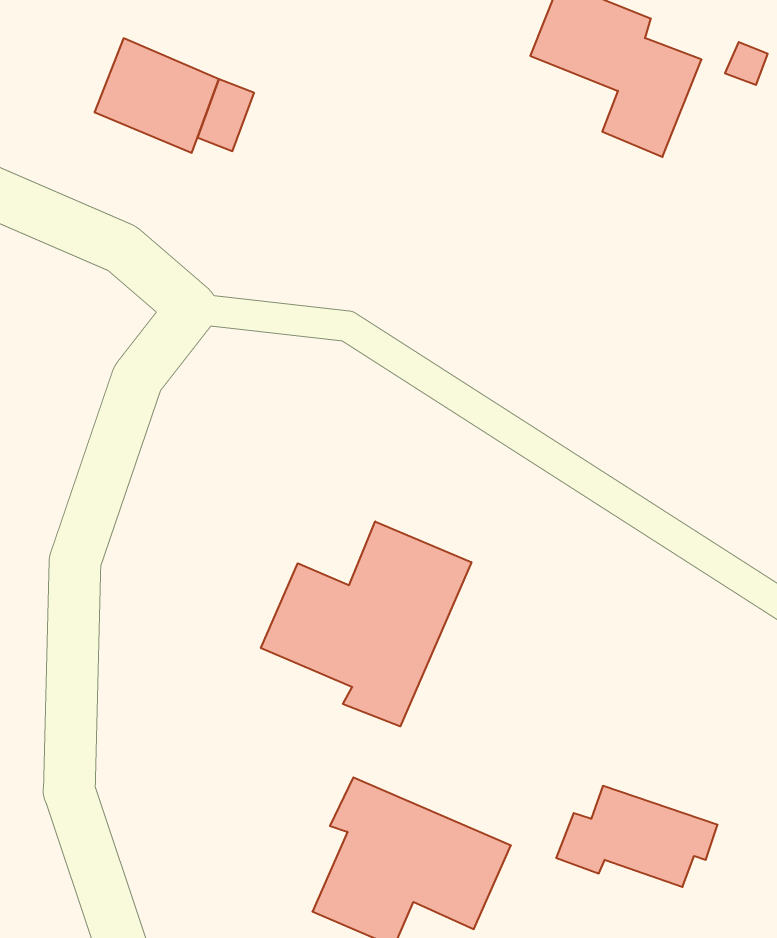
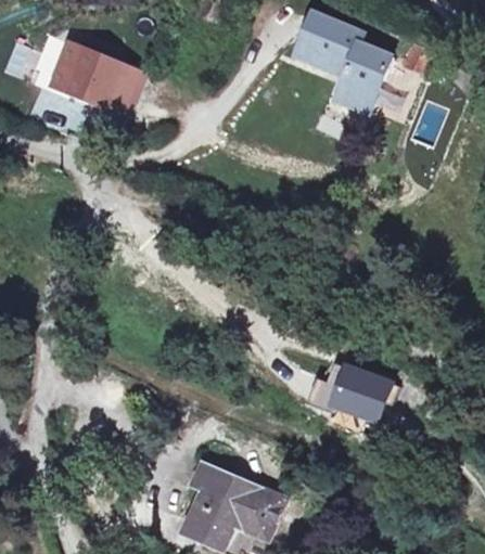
building: [261,521,471,726] -> none
building: [556,786,718,887] -> [310,365,400,422]

